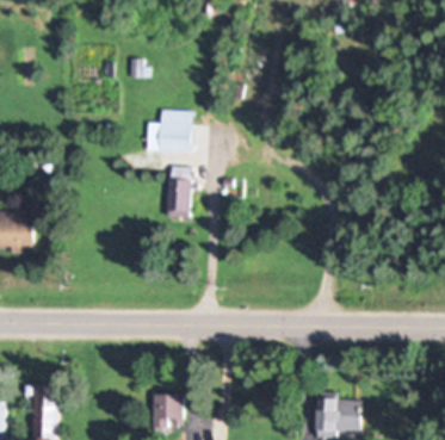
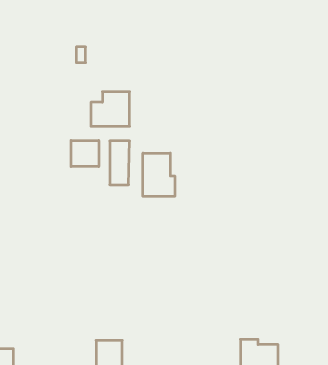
building: none -> [71,140,99,167]
building: none -> [143,153,175,196]

